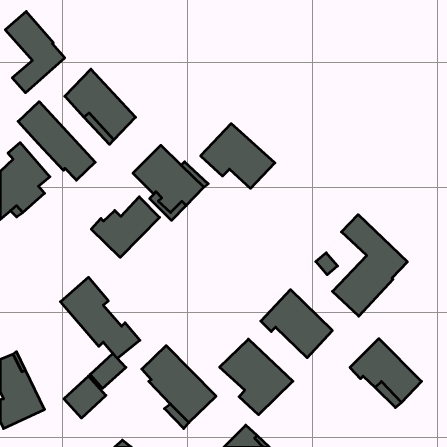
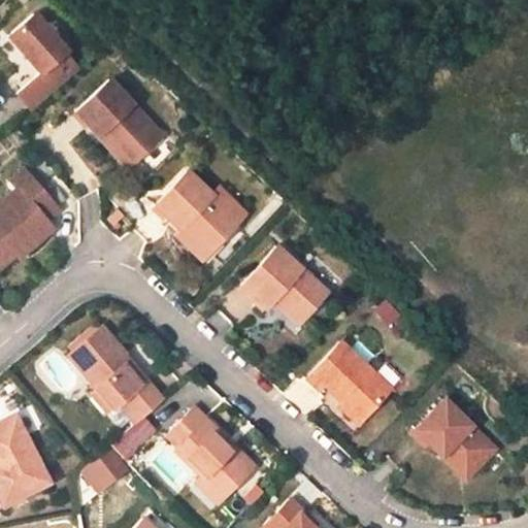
building: [18,102,95,180] -> none
building: [201,124,275,188] -> [242,246,330,323]
building: [91,197,160,257] -> none
building: [332,215,407,316] -> none
building: [220,339,293,415] -> none

